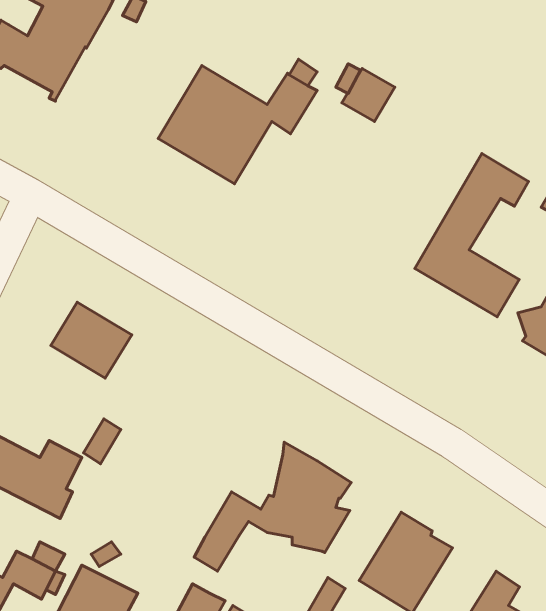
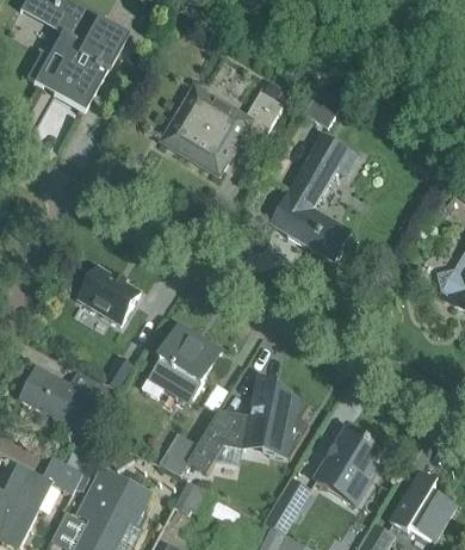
building: [415,153,528,317] -> [271,134,358,259]
building: none -> [141,326,221,398]
building: none -> [157,433,197,476]

